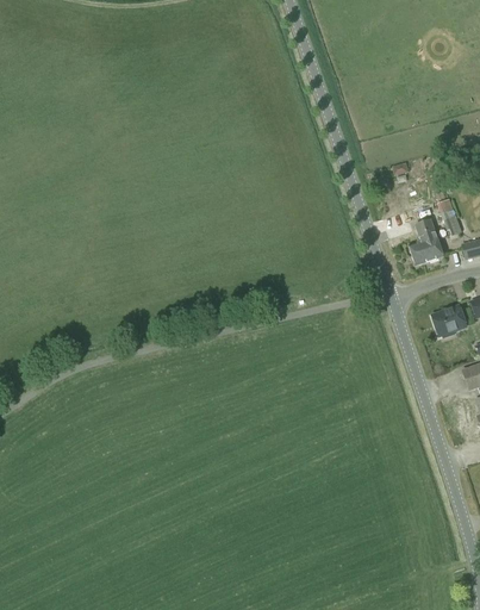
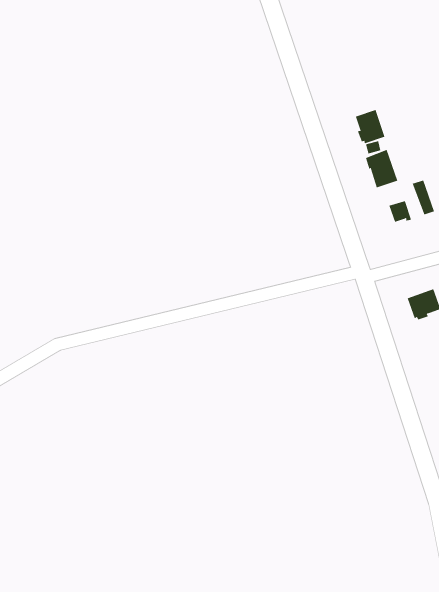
building: none -> [355,109,385,144]
building: [407,237,443,264] -> none

